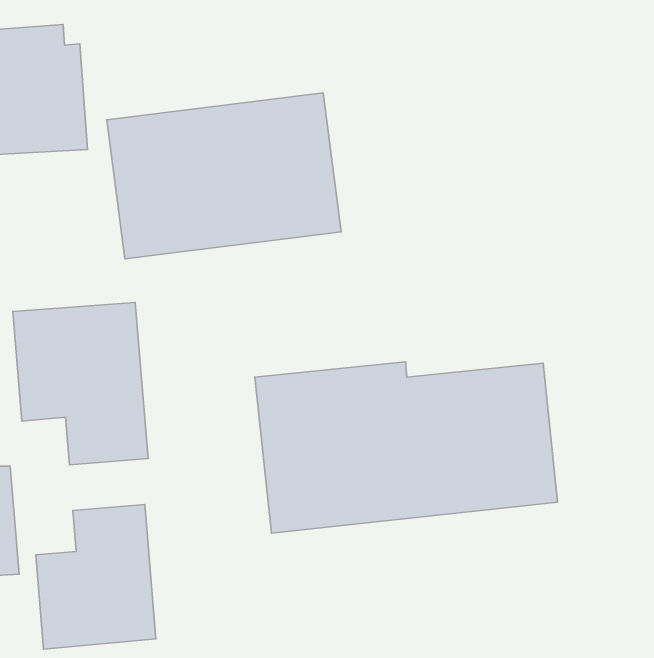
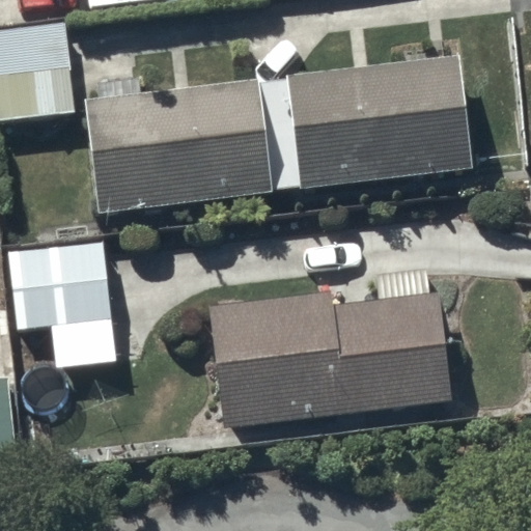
building: none -> [287,57,470,188]
building: [36,505,156,649] -> none

